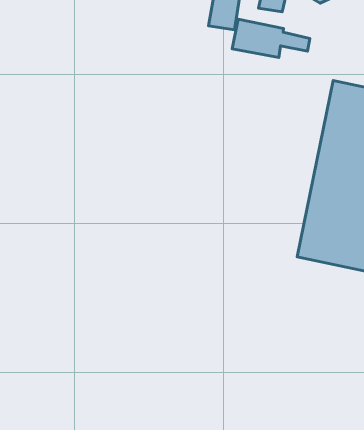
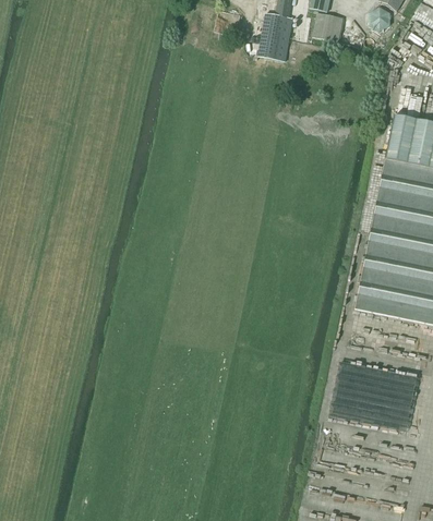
building: [232,19,310,58] -> none

